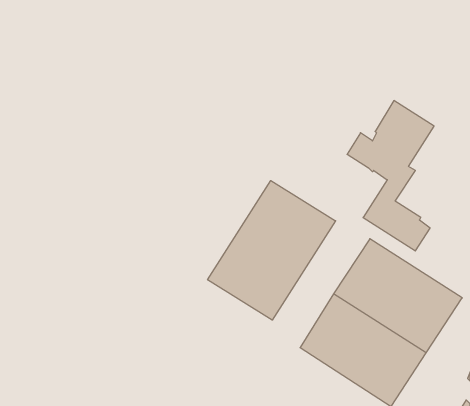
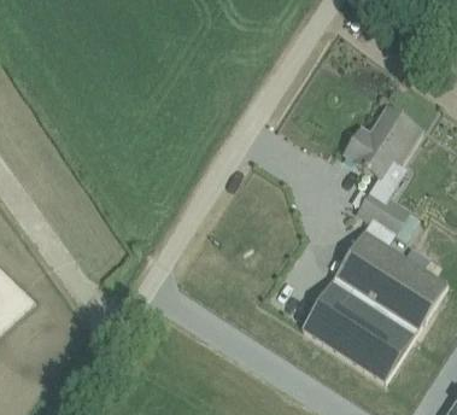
building: [208,181,336,320] -> none

